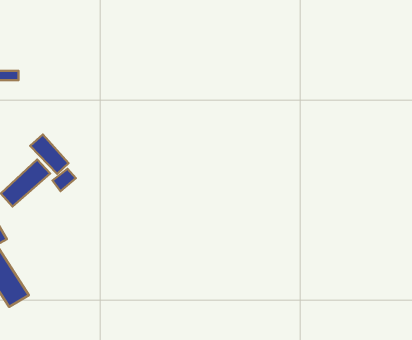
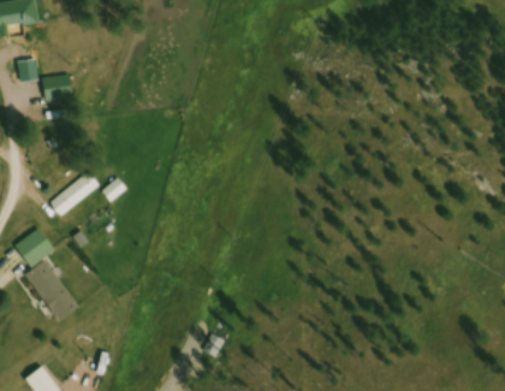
building: [30,134,68,174] -> none

